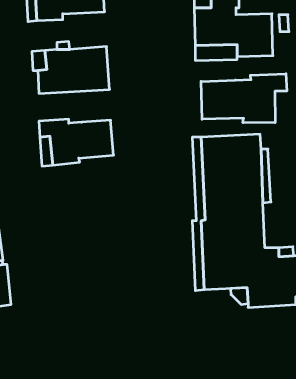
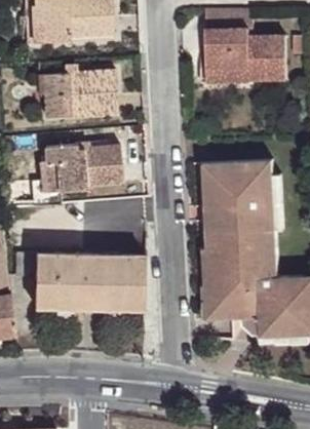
building: [201,74,287,123] -> none
building: none -> [14,252,144,309]

